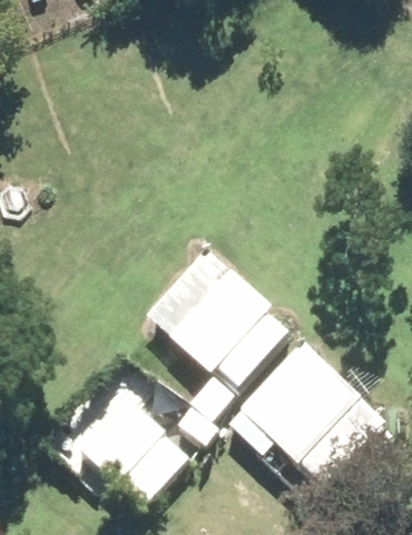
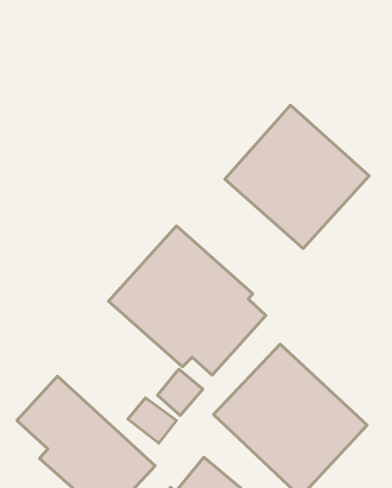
building: none -> [225,105,369,249]

